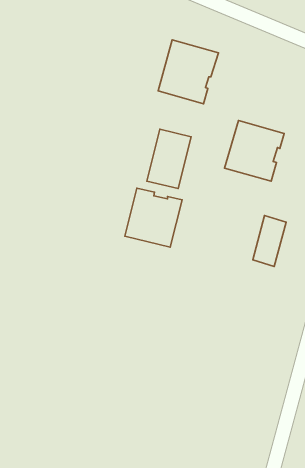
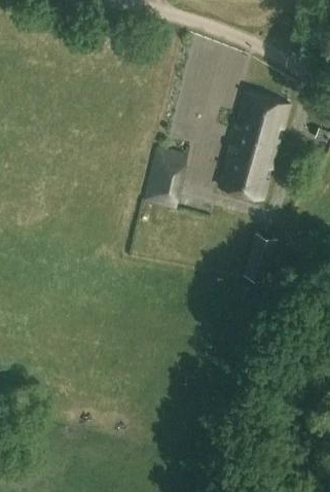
building: [158,40,219,104] -> [232,93,290,153]
building: [125,188,182,247] -> none

